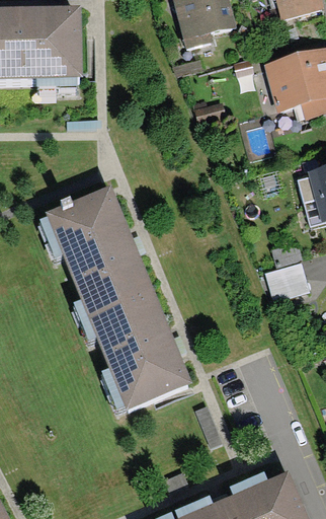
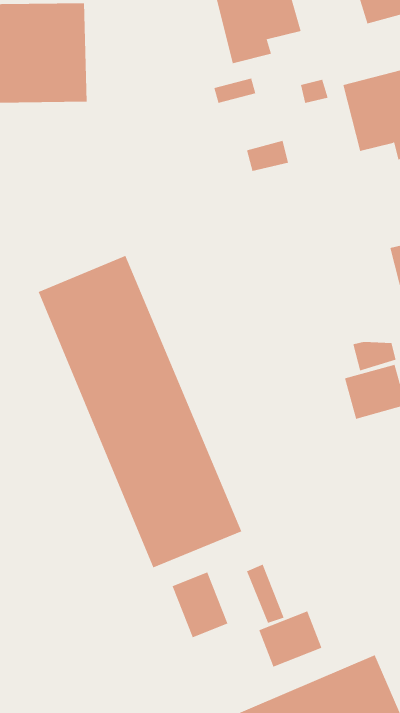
building: none -> [172,572,228,638]
building: none -> [258,611,322,667]

